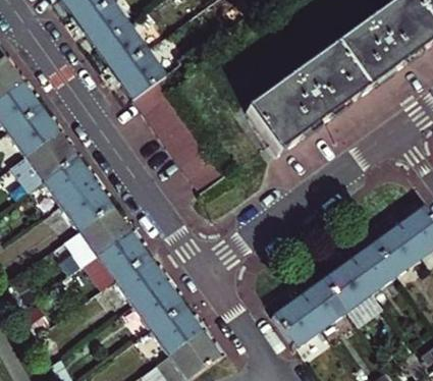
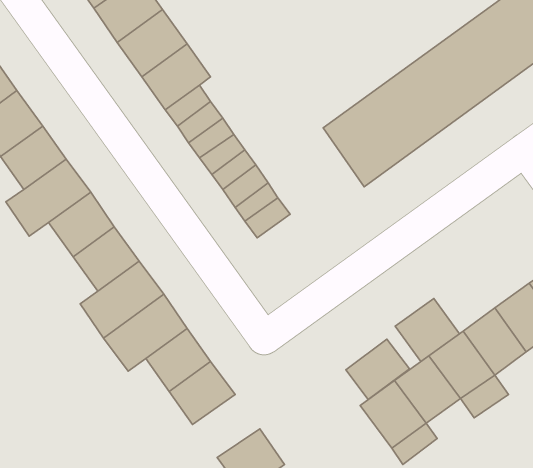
building: none -> [395,298,460,362]
building: none -> [346,339,409,400]
building: [150,306,200,352] -> none

